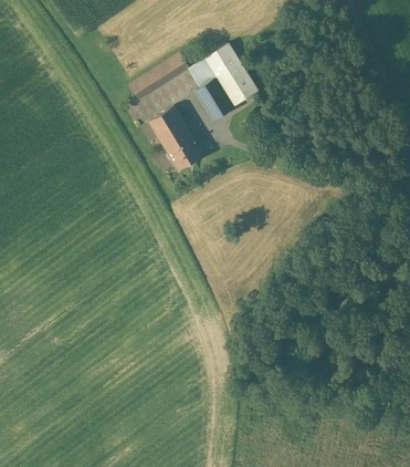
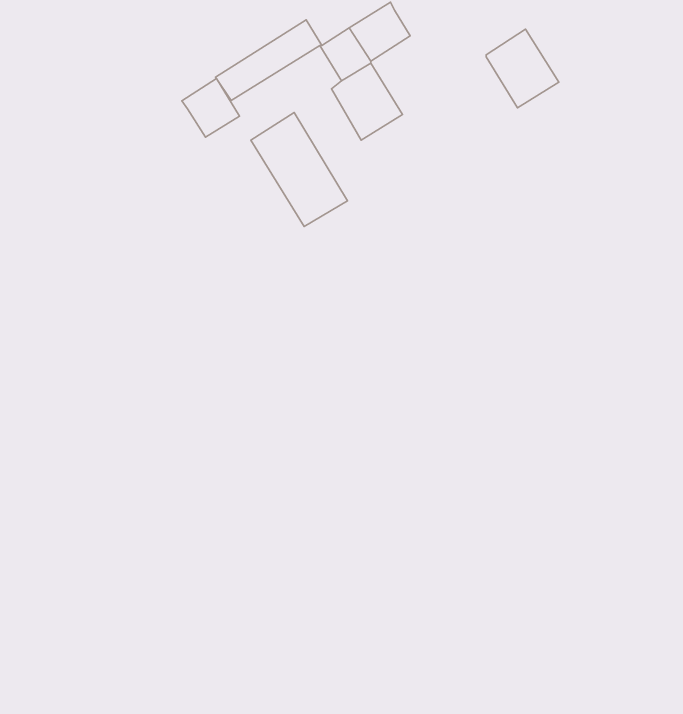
building: [217,62,257,106] -> [486,29,559,108]
building: none -> [182,78,240,137]

